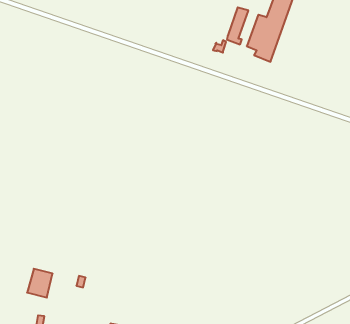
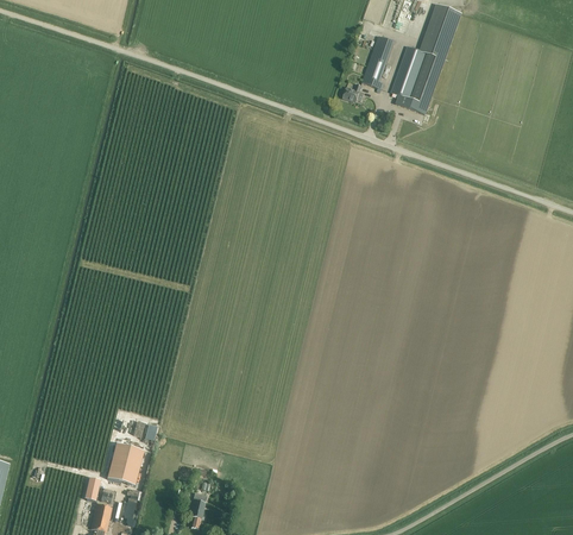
building: [27,269,53,298] -> [107,442,144,484]

